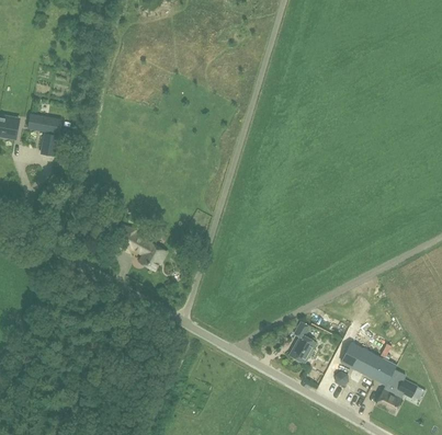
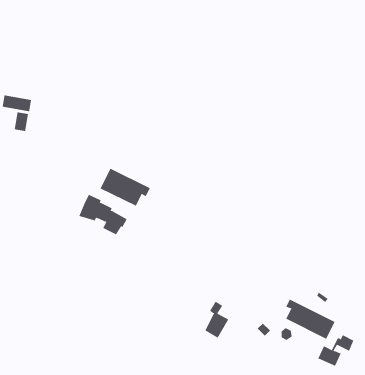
building: none -> [100,168,151,206]
building: [290,322,317,364] -> [204,301,229,339]

